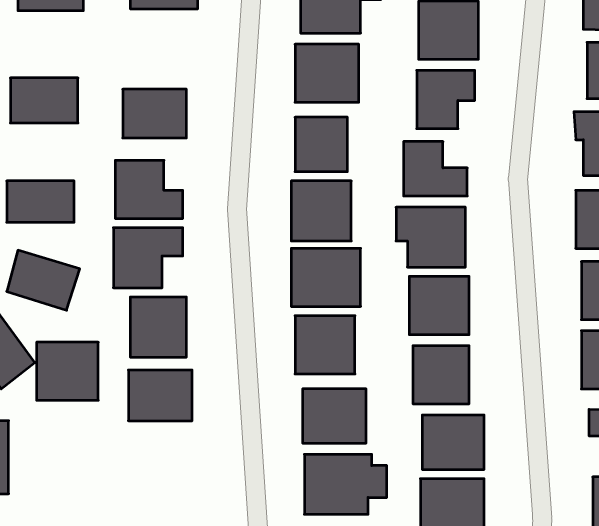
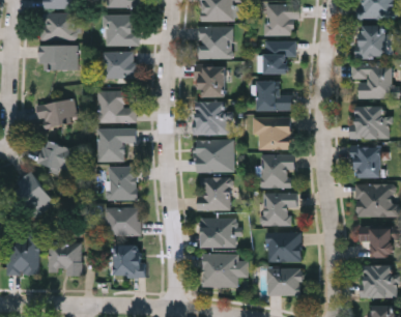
building: none -> [40,13,75,39]
building: none -> [103,15,137,46]
building: [37,342,98,400] -> [47,243,81,276]
building: none -> [113,244,142,277]

